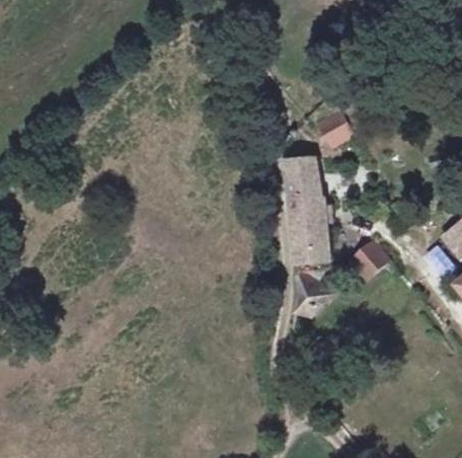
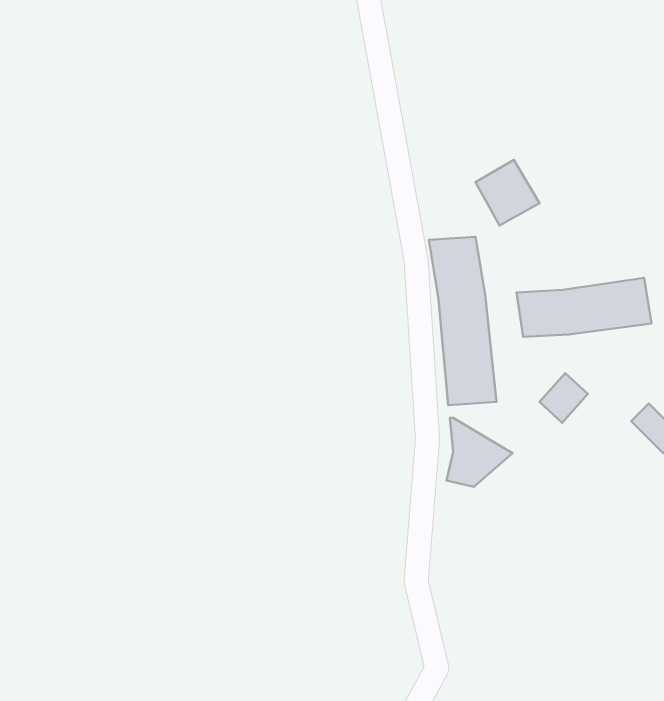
building: none -> [516,278,651,337]

